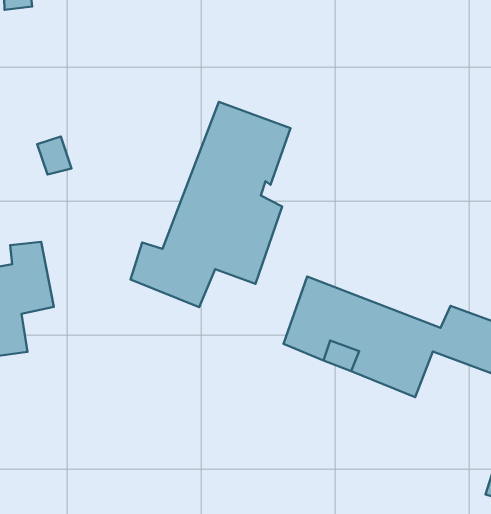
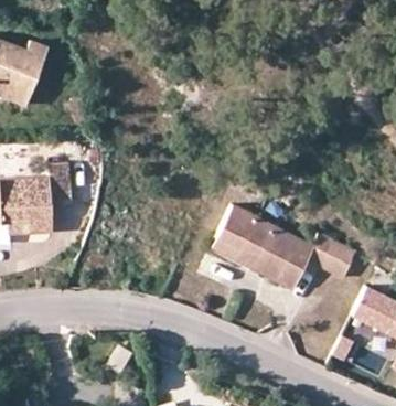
building: [130,102,290,307] -> none

